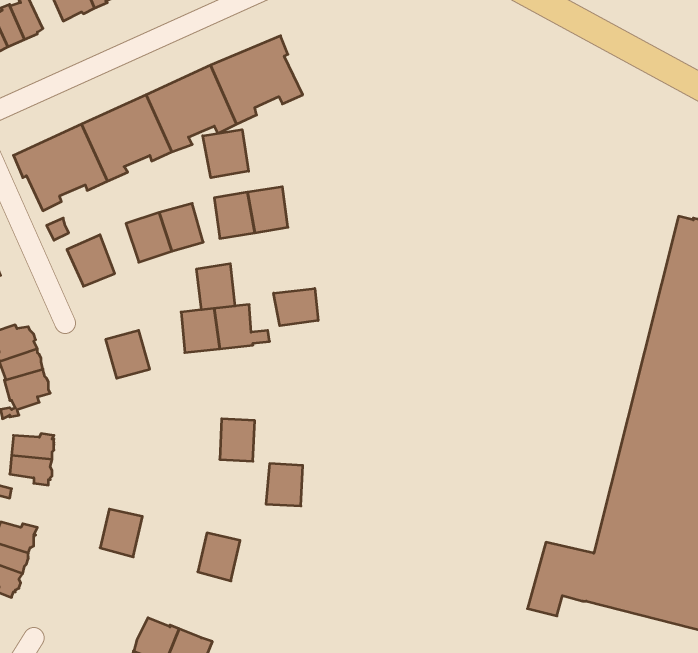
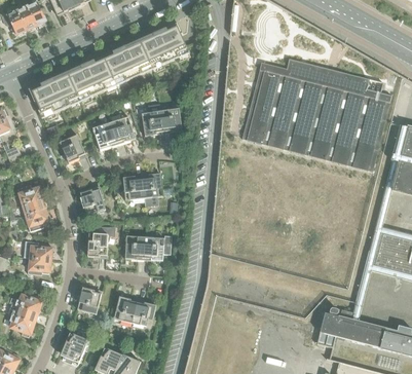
building: none -> [241,58,390,170]
building: [203,130,249,178] -> none
building: [197,264,235,310] -> none
building: [274,288,318,326] -> none
building: none -> [87,232,108,257]
building: [266,464,303,506] -> [124,235,145,259]
building: none -> [113,295,137,322]
building: none -> [61,332,87,362]

